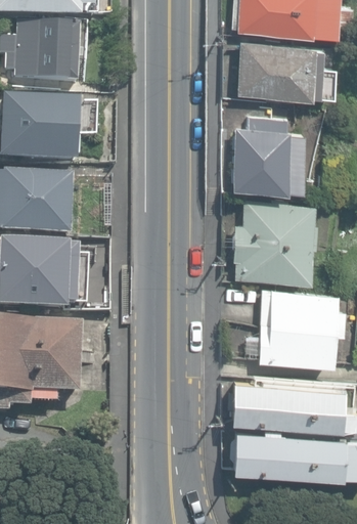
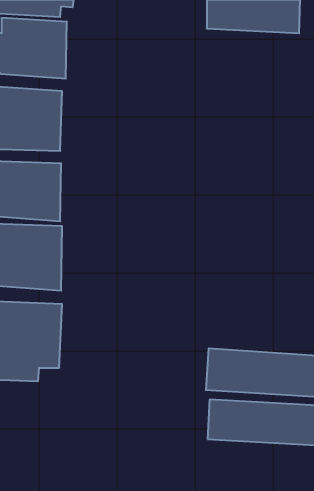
building: [235,40,329,98] -> none
building: [232,112,303,189] -> none
building: [235,195,315,279] -> none
building: [259,283,340,362] -> none

